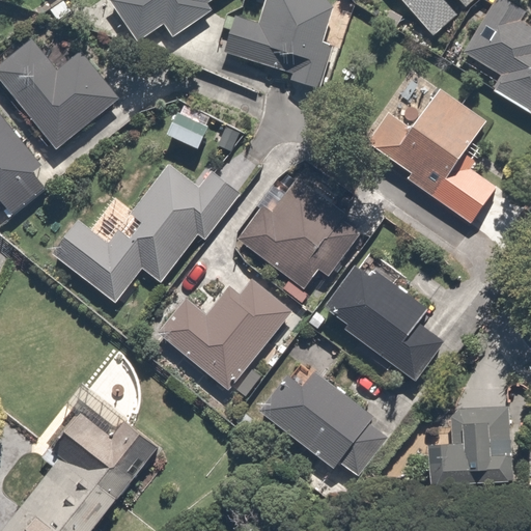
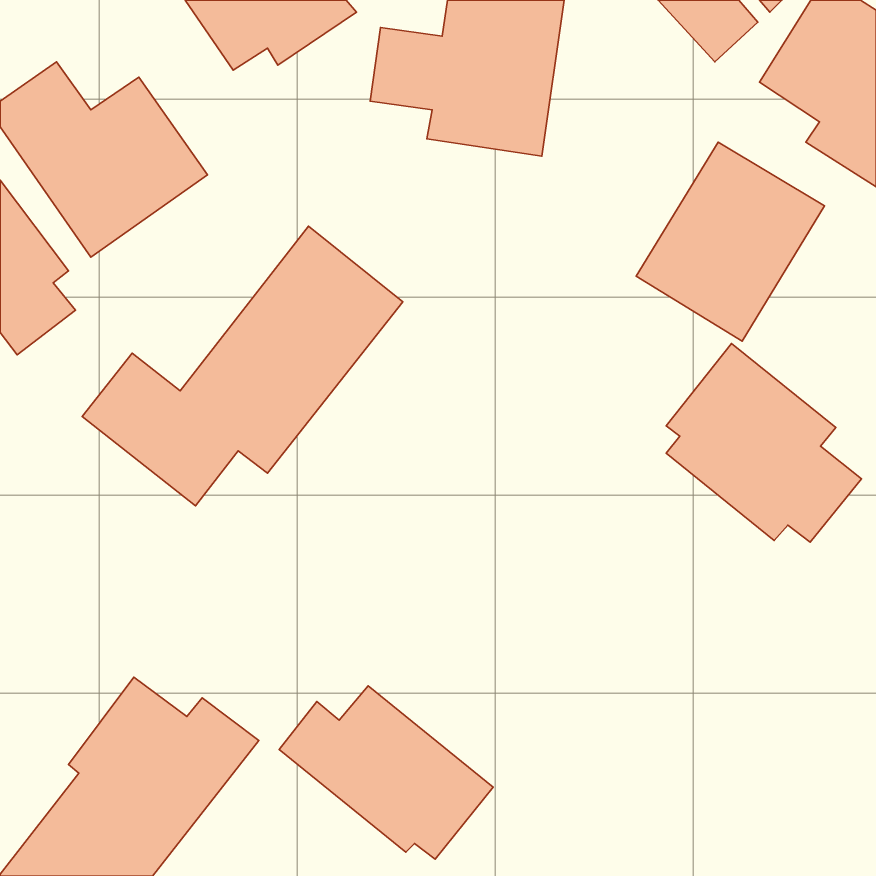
building: [237,174,364,292] -> none
building: [322,255,440,375] -> [666,343,862,542]
building: [153,278,292,389] -> none
building: [259,367,389,472] -> [279,686,493,859]
building: [430,410,509,483] -> none

